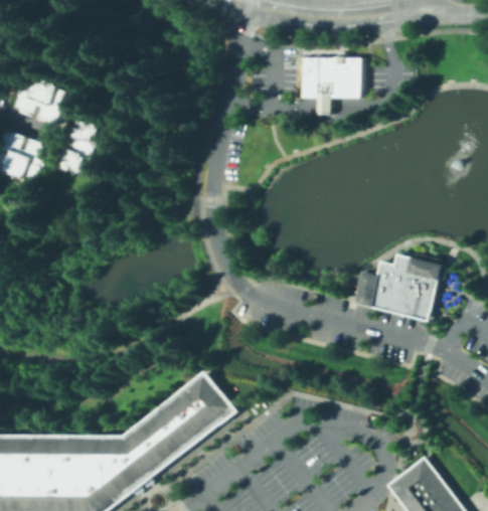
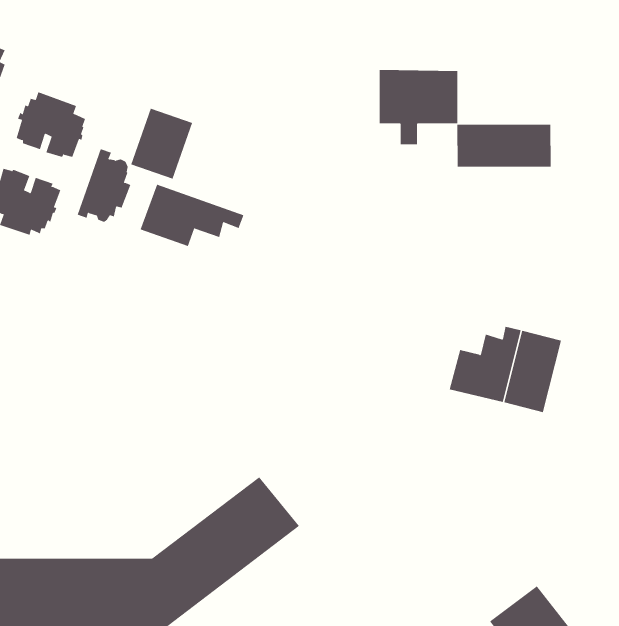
building: none -> [130,108,193,180]
building: none -> [457,124,551,168]
building: none -> [140,184,244,247]

